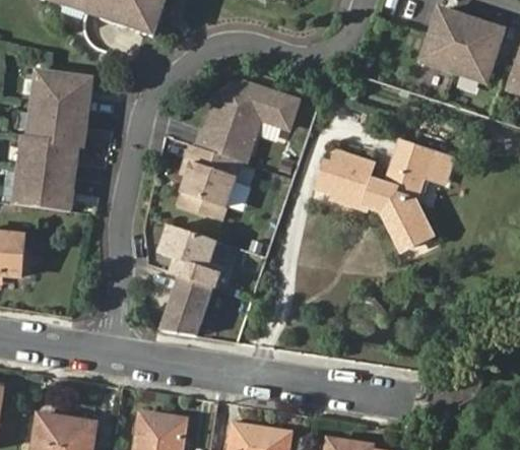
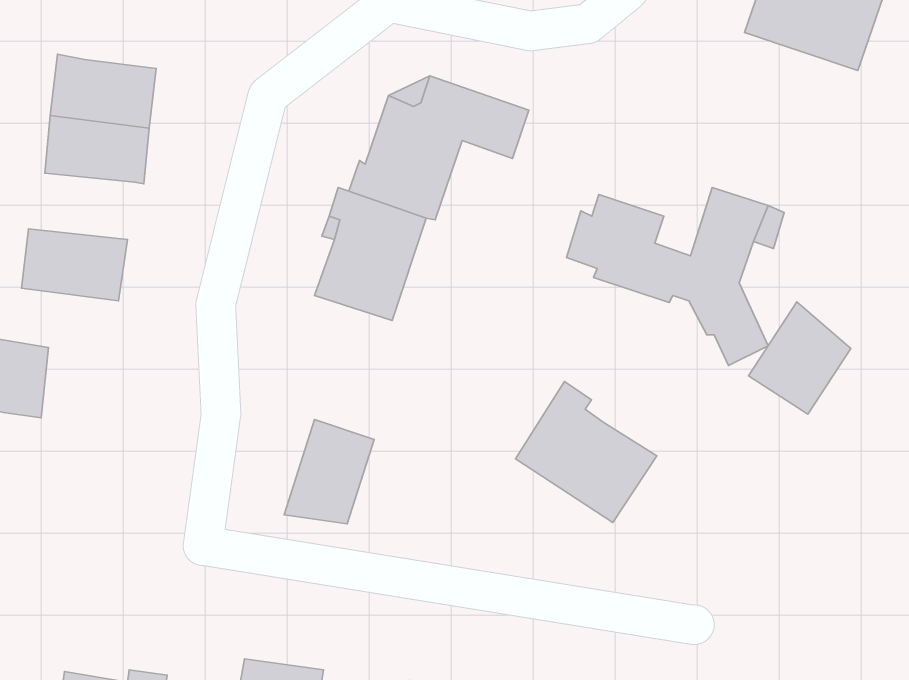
building: [17,136,77,175] -> none
building: none -> [748,302,851,414]
building: [159,226,222,288] -> none
building: none -> [515,382,657,522]

